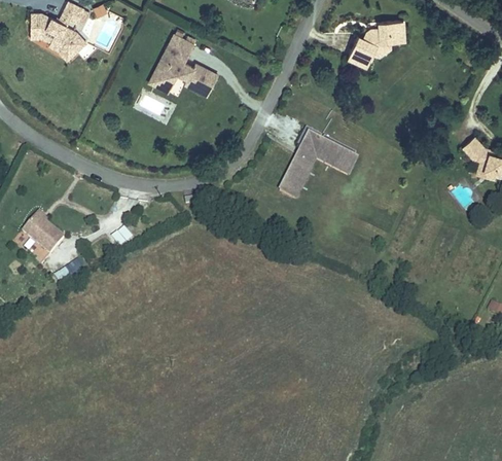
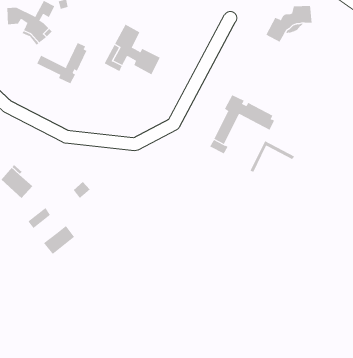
building: none -> [36,42,87,84]
building: [296,149,352,188] -> [250,140,295,172]
building: none -> [43,225,75,255]

